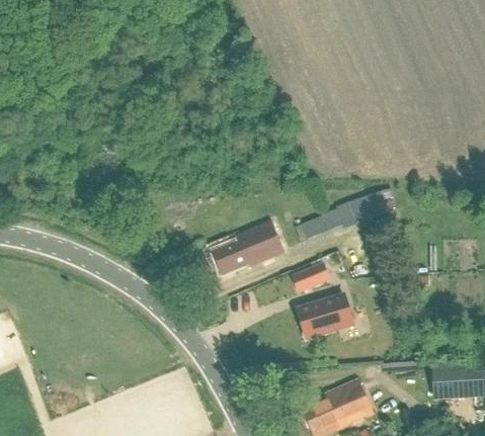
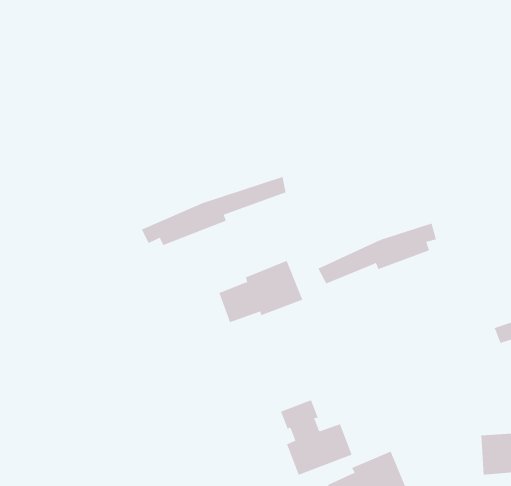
building: none -> [141,176,286,246]
building: [291,275,351,339] -> [280,399,352,475]

